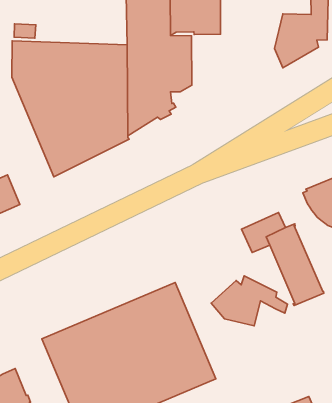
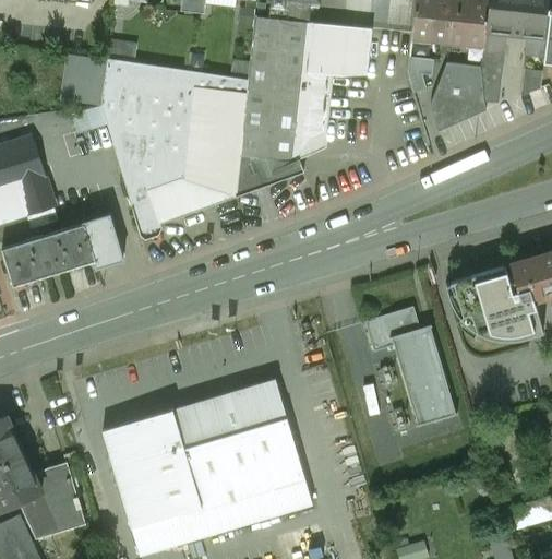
building: none -> [409,55,433,90]
building: none -> [83,215,123,269]
building: [211,276,287,326] -> none

